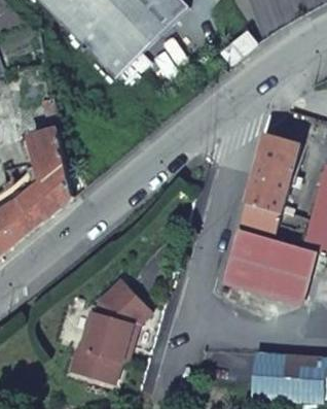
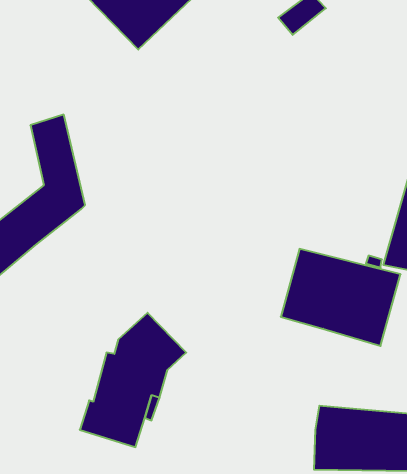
building: [240,132,300,232] -> none

